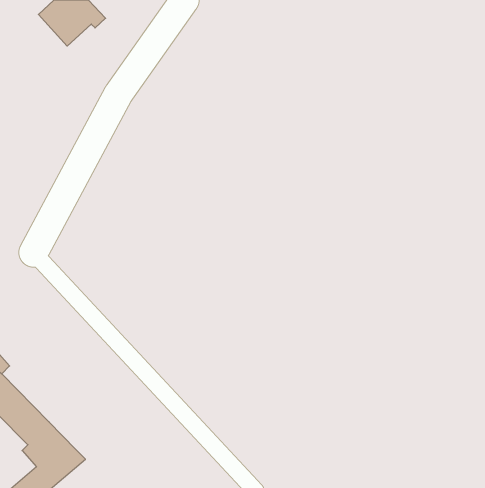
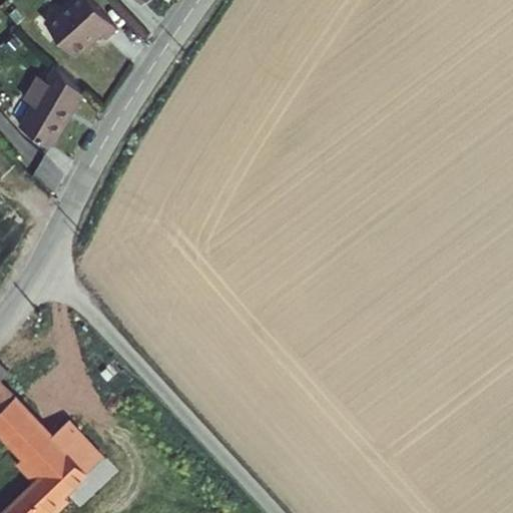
building: none -> [20,70,78,146]
building: none -> [51,430,94,472]

